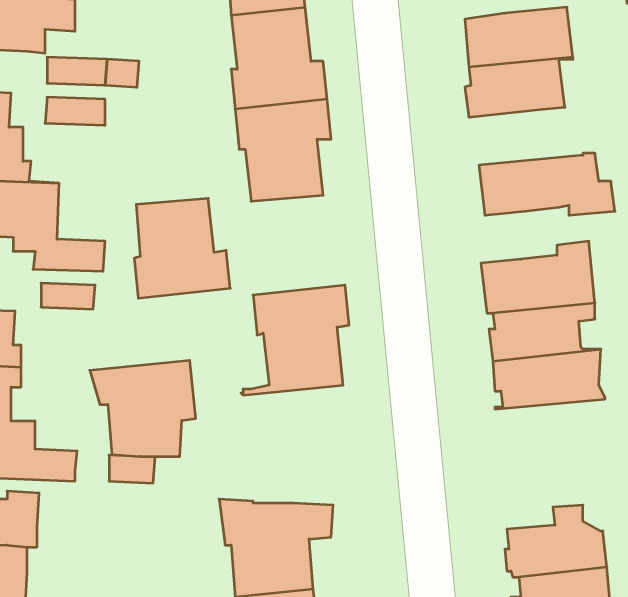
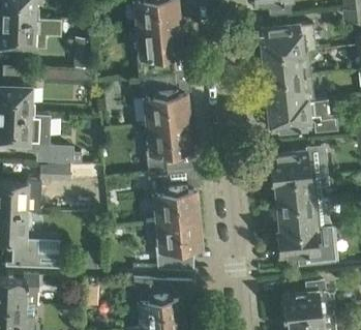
building: none -> [262,76,321,106]
building: [134,198,230,298] -> [148,121,198,173]
building: [90,360,196,456] -> [145,219,200,269]
building: none -> [275,227,335,264]

